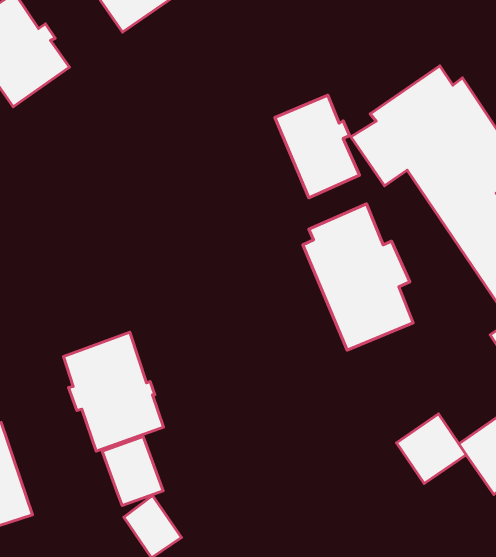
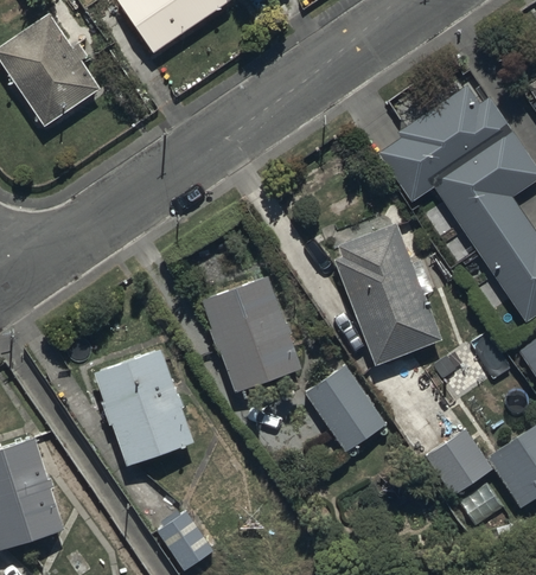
building: [275,95,359,198] -> none
building: none -> [203,275,304,391]
building: none -> [305,366,387,453]
building: [102,436,163,506] -> none

